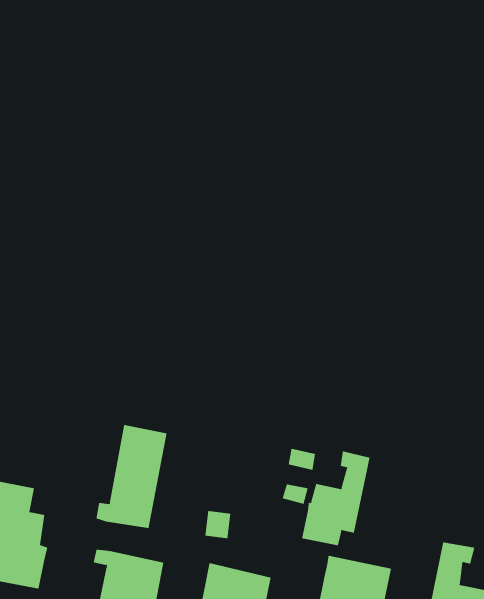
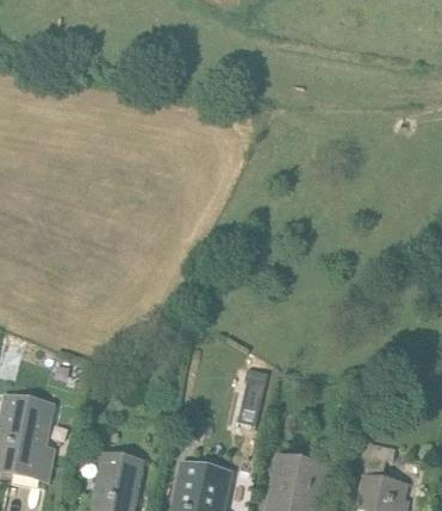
building: [96,424,167,529] -> none
building: [302,451,370,546] -> none

